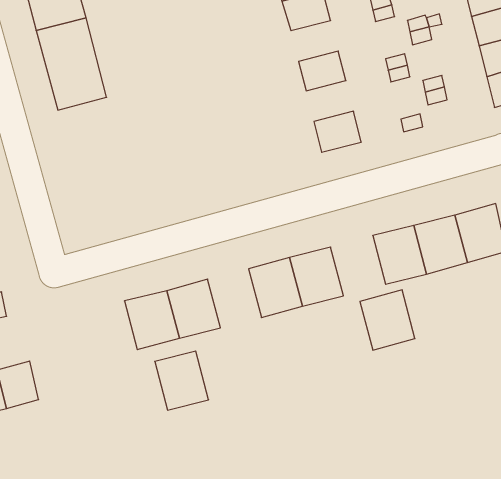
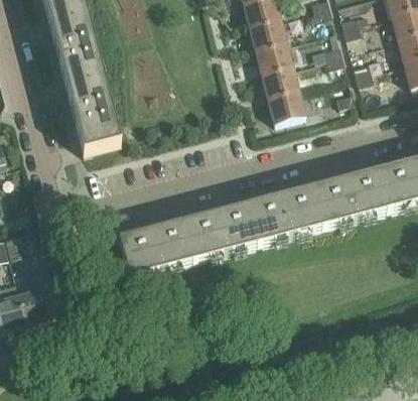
building: none -> [250,19,287,51]
building: none -> [262,66,299,99]
building: none -> [66,80,121,154]
building: [360,290,415,350] -> [281,188,324,236]
building: [155,351,209,410] -> [184,215,227,261]

